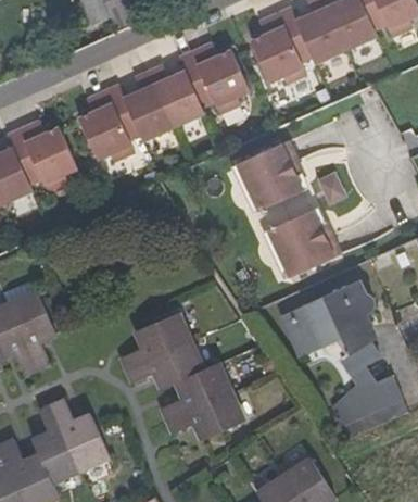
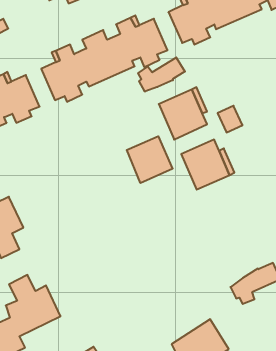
building: none -> [138,57,185,92]
building: none -> [127,136,173,183]
building: [290,278,382,374] -> none
building: [117,310,241,438] -> none

